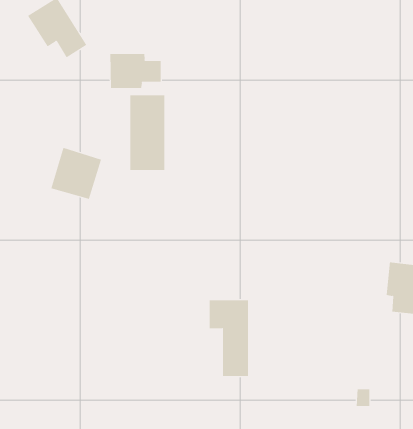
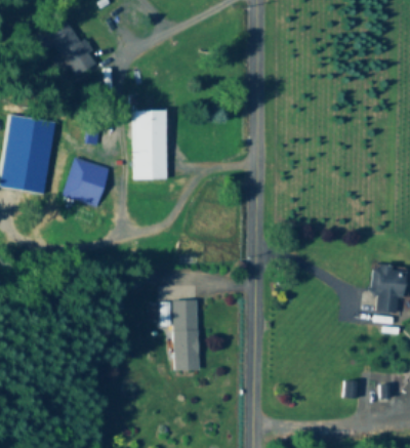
building: [110,53,161,89] -> none
building: [209,300,249,377] -> [162,299,199,370]

